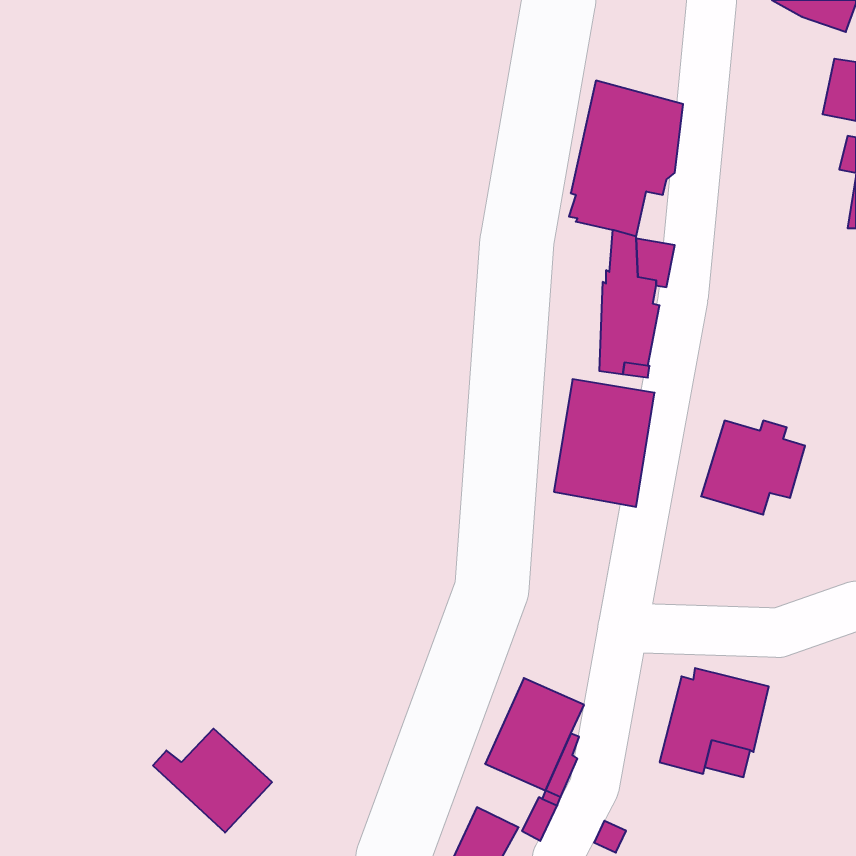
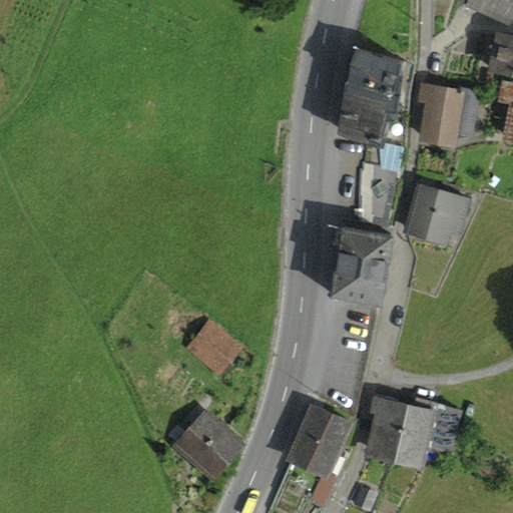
building: none -> [421,85,477,141]
building: [701,421,805,515] -> [406,184,468,240]
building: none -> [188,324,237,372]
building: none -> [370,396,407,456]
building: [153,729,272,833] -> [168,414,239,476]

